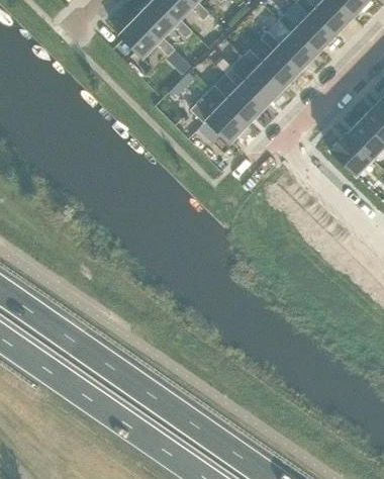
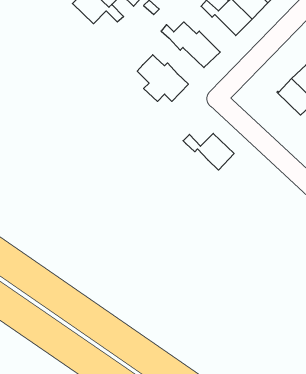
building: [244,46,300,88] -> none
building: [208,83,265,123] -> [183,133,234,170]
building: [330,132,372,174] -> none

